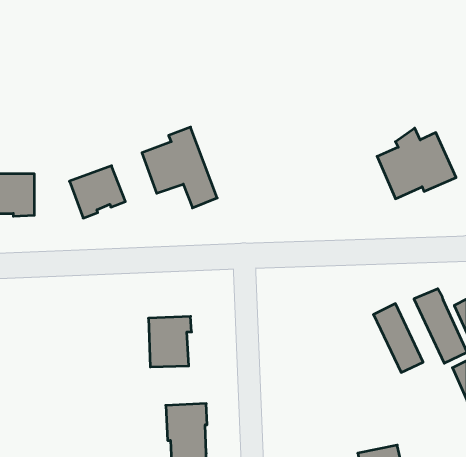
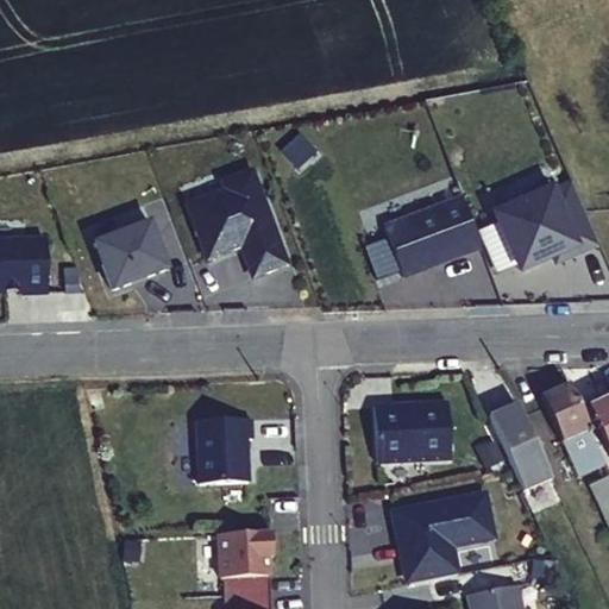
building: none -> [382,197,478,277]
building: none -> [373,401,451,463]
building: none -> [393,491,495,583]

